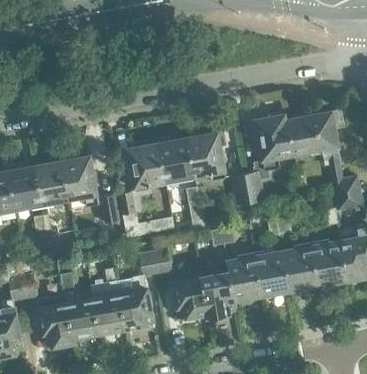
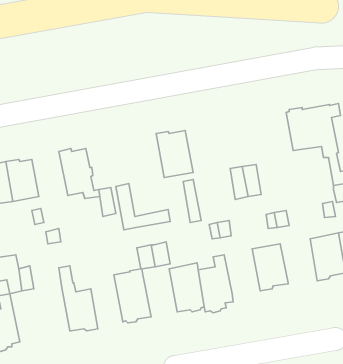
building: [256,112,296,171] -> none
building: [188,133,226,180] -> none
building: [129,141,167,191] -> none
building: [35,159,68,204] -> none
building: [283,246,320,290] -> none
building: [227,256,263,301] -> none
building: [92,278,126,336] -> none
building: [39,295,75,348] -> none

